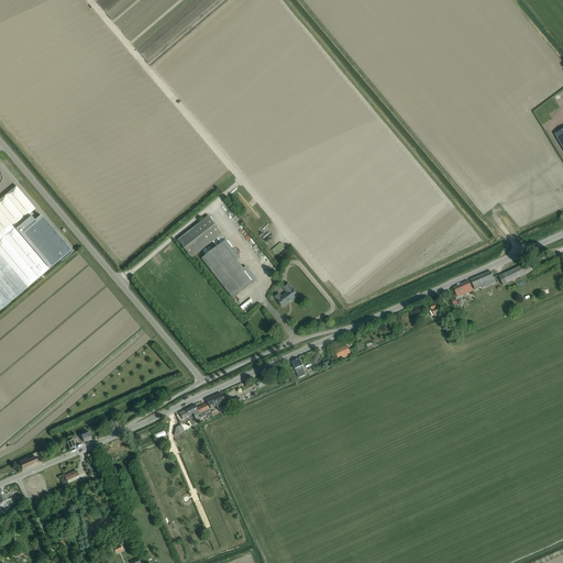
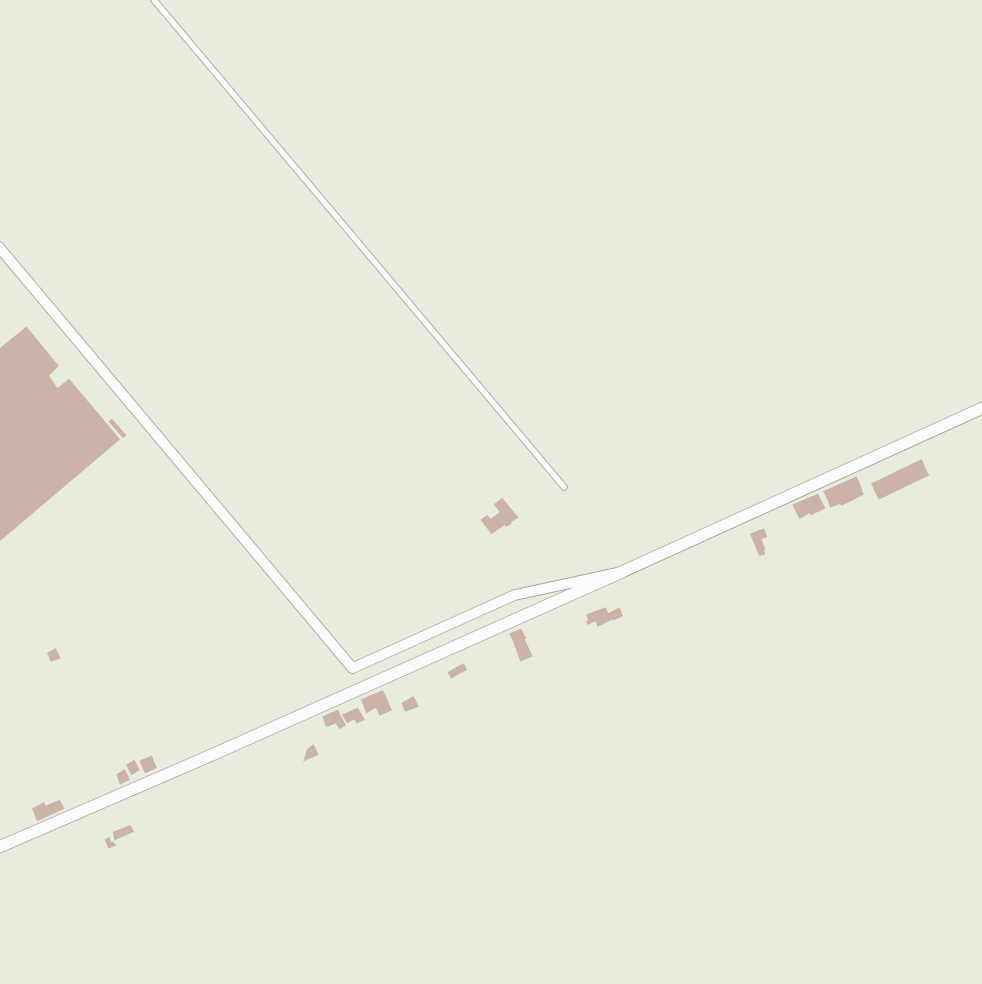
building: [176,216,221,257] -> none
building: [201,241,255,298] -> none

